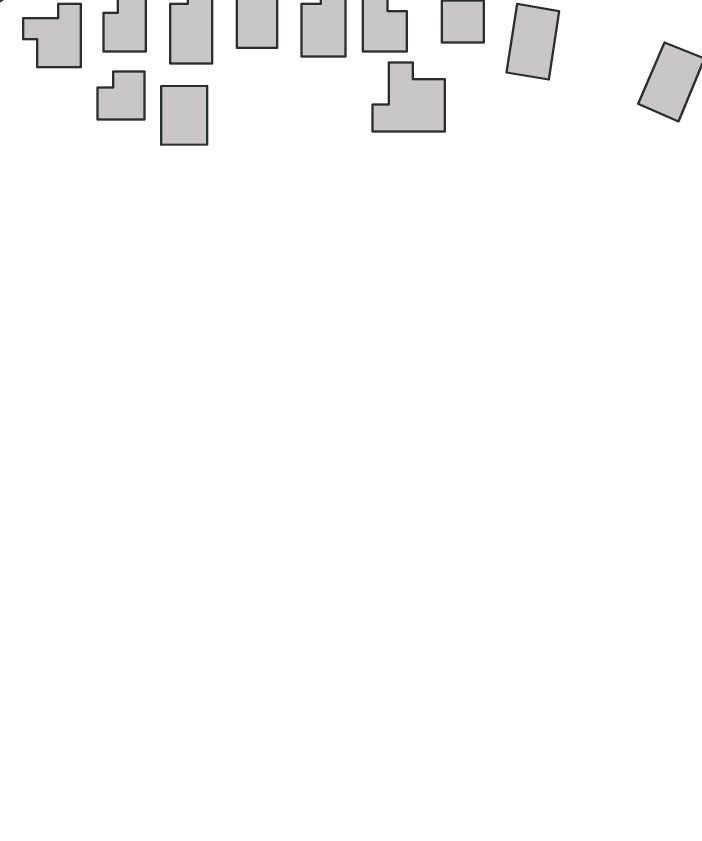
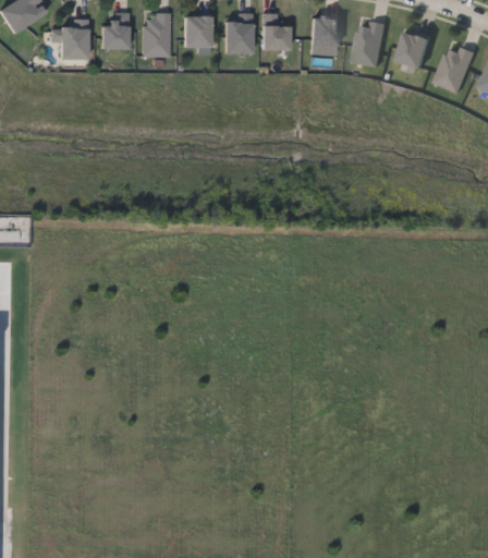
building: none -> [398,31,431,68]
building: [373,62,445,132] -> none
building: [97,71,145,119] -> none
building: [161,86,207,145] -> none

